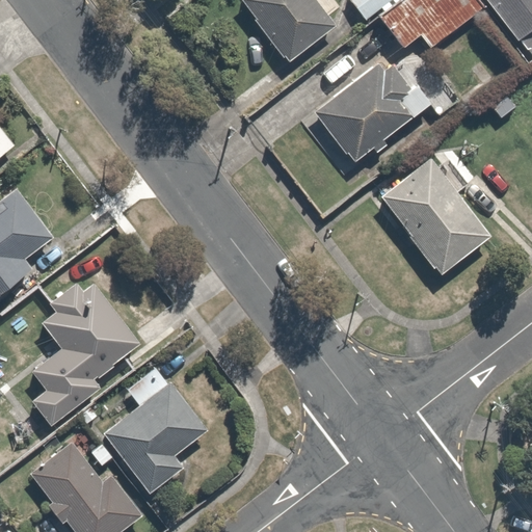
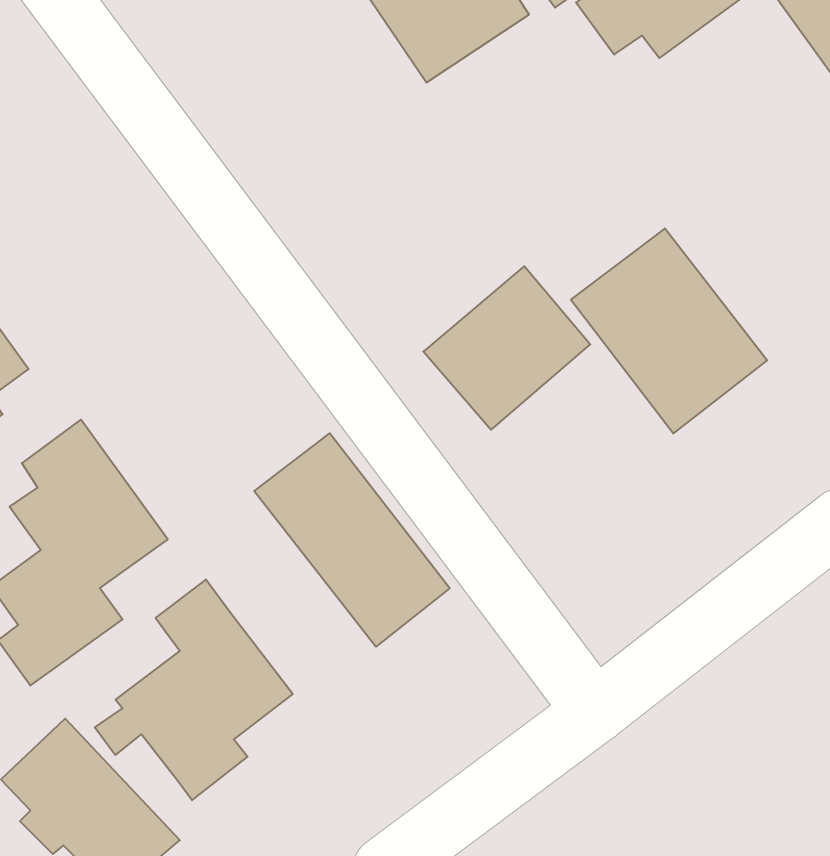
building: [317,62,417,160] -> [423,266,590,430]
building: none -> [254,433,450,647]

